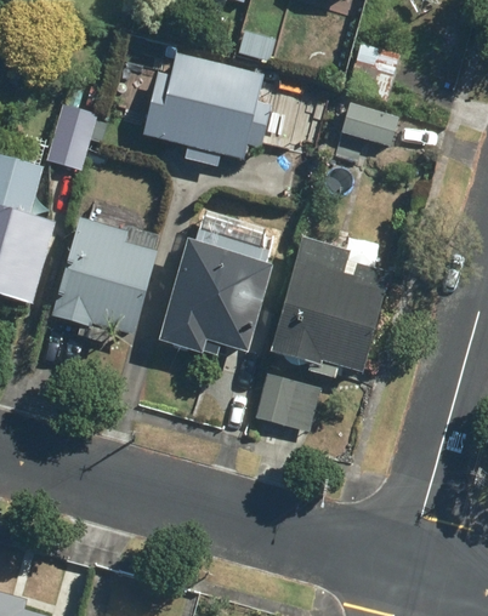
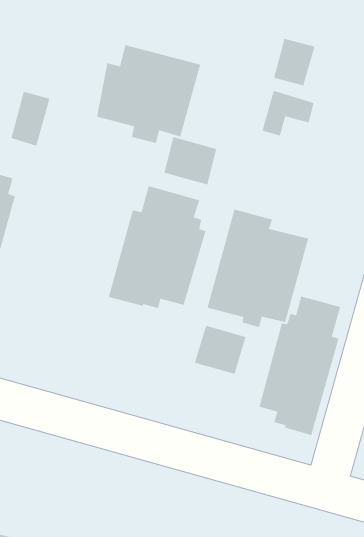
building: none -> [163,136,217,186]
building: [55,219,157,341] -> none
building: none -> [258,295,341,436]

